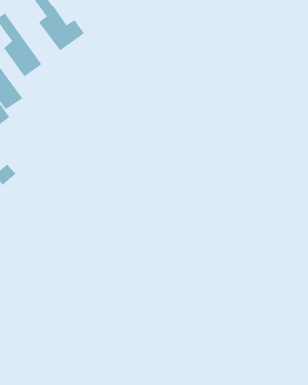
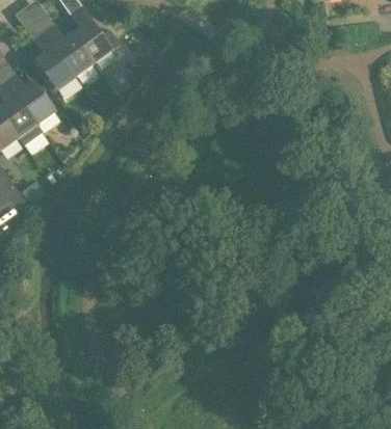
building: none -> [36,14,94,75]

